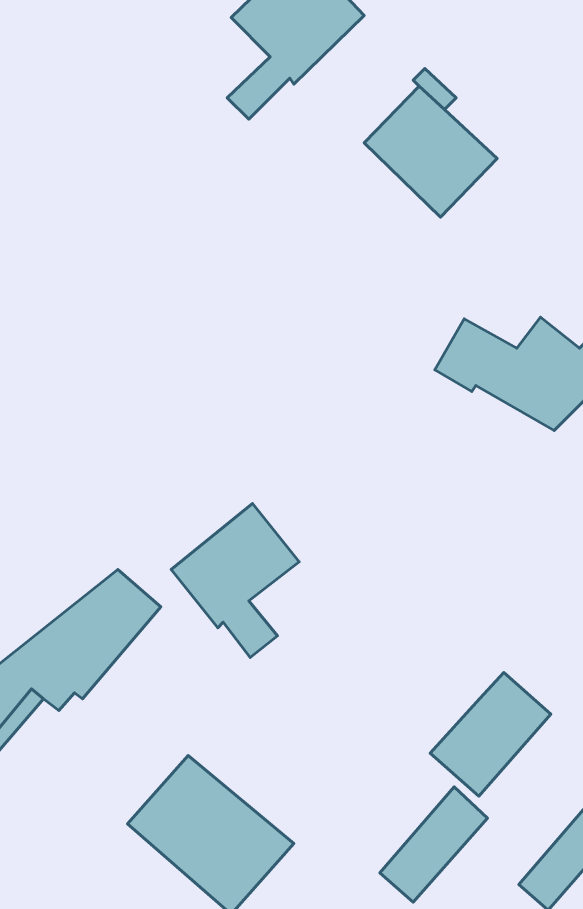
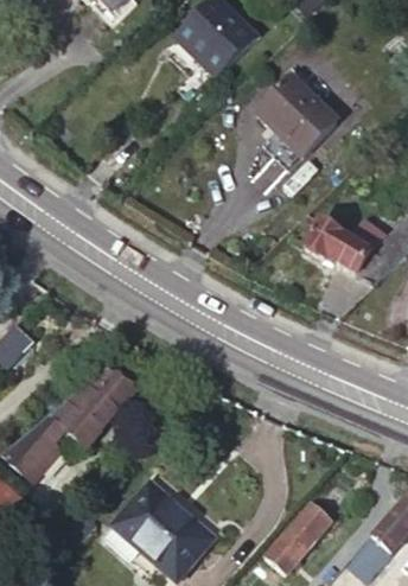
building: [171,503,299,657] -> none
building: [430,672,551,796] -> none

